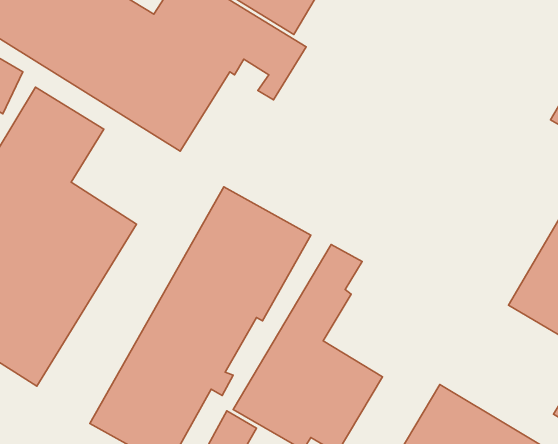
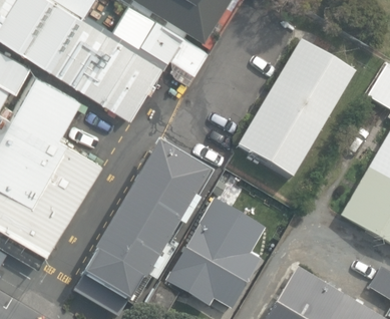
building: none -> [236,41,354,181]

